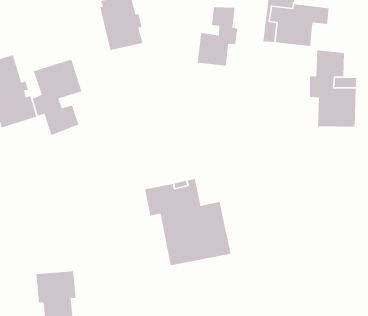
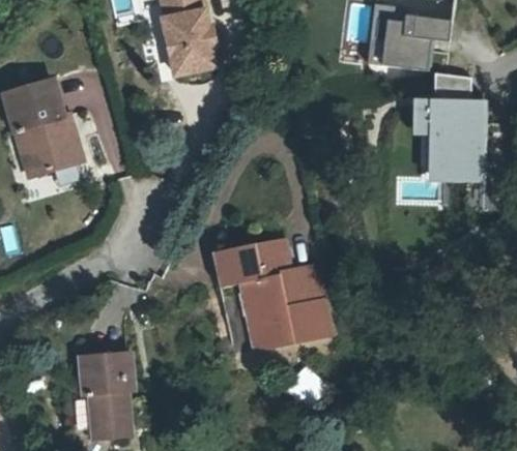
building: [197,7,238,67] -> none
building: [32,58,83,136] -> none
building: none -> [426,134,486,183]

